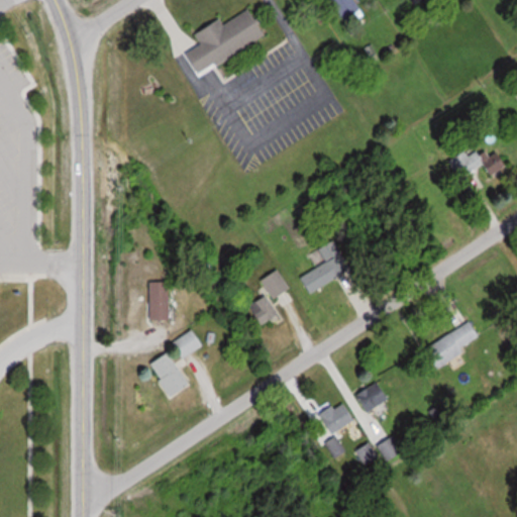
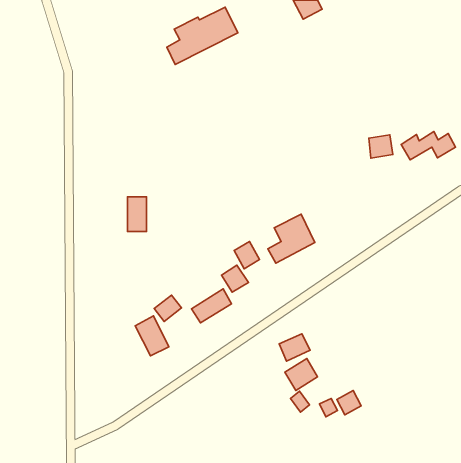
building: none -> [369,135,393,158]
building: [148,282,170,320] -> [128,197,147,231]
building: [424,321,480,367] -> none
building: none -> [192,289,231,323]
building: [354,382,389,412] -> [279,334,310,361]

